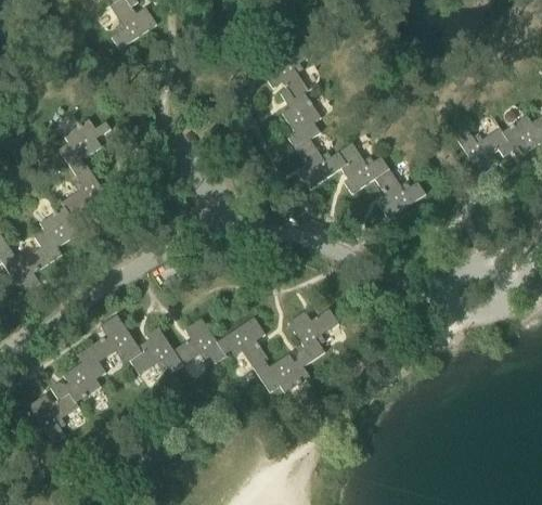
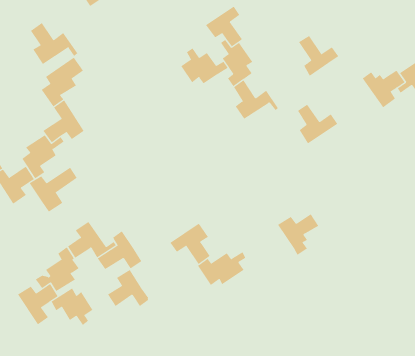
building: none -> [30,22,78,65]
building: none -> [181,47,228,84]
building: [337,143,388,194] -> [298,35,339,76]
building: none -> [29,167,77,213]
building: [287,308,339,360] -> [277,213,319,255]
building: [173,318,225,364] -> [107,269,149,307]
building: none -> [50,287,93,326]

